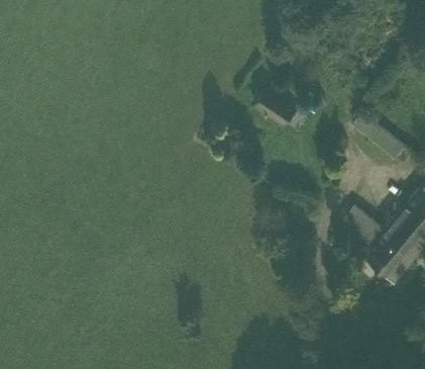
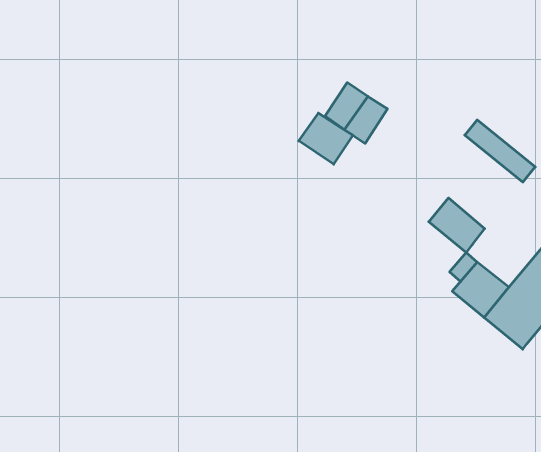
building: none -> [299,113,353,164]
building: none -> [429,198,485,253]

